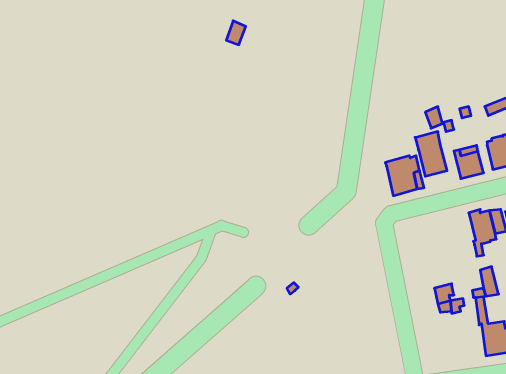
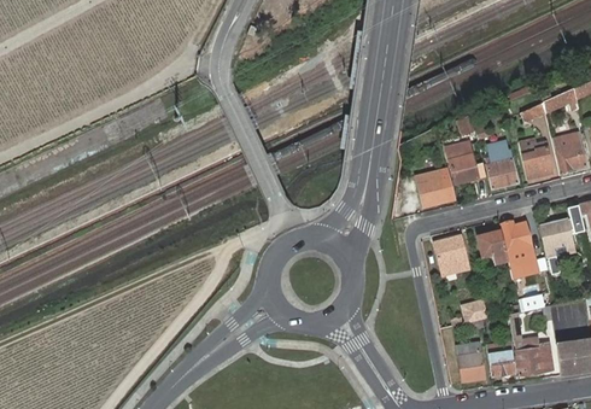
building: none -> [478,230,508,263]
building: none -> [434,235,469,275]
building: none -> [455,343,486,381]
building: none -> [490,346,515,378]

